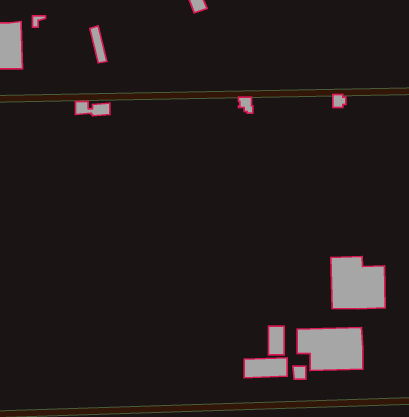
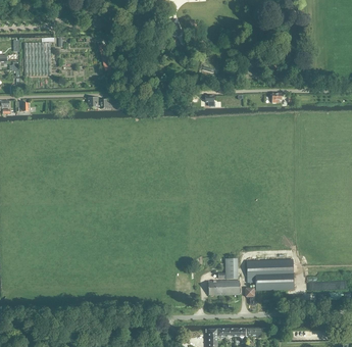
building: [331,256,385,309] -> none

